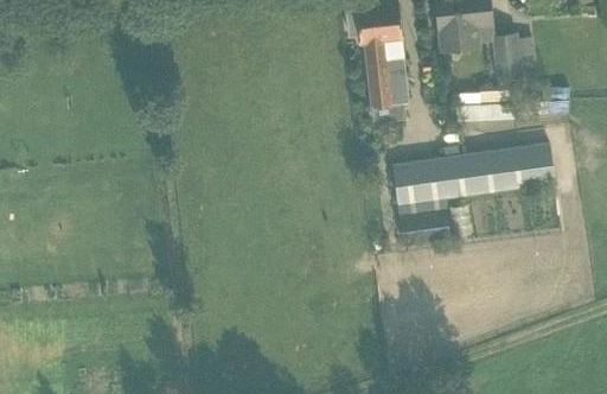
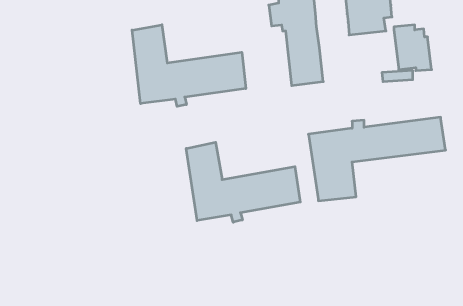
building: none -> [132,25,246,106]
building: none -> [186,142,300,222]

